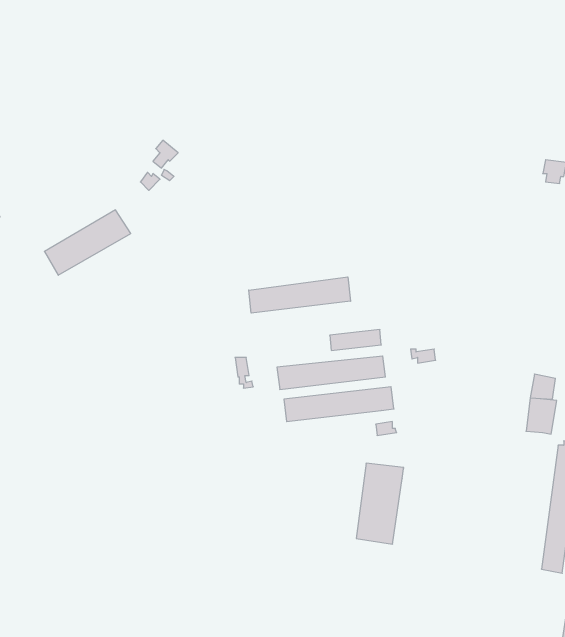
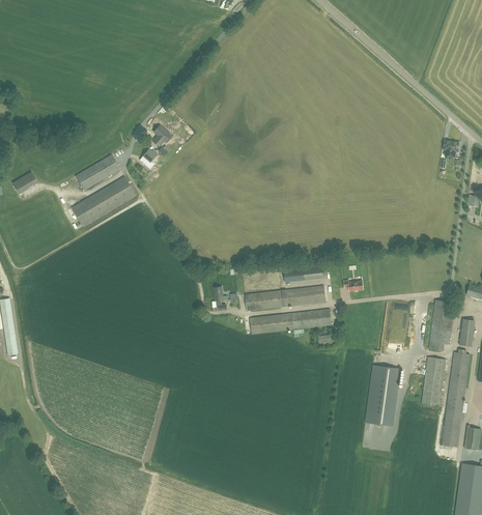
building: none -> [76,153,120,190]
building: [249,277,351,313] -> none
building: none -> [421,355,446,405]
building: [356,463,404,544] -> [366,365,401,425]

